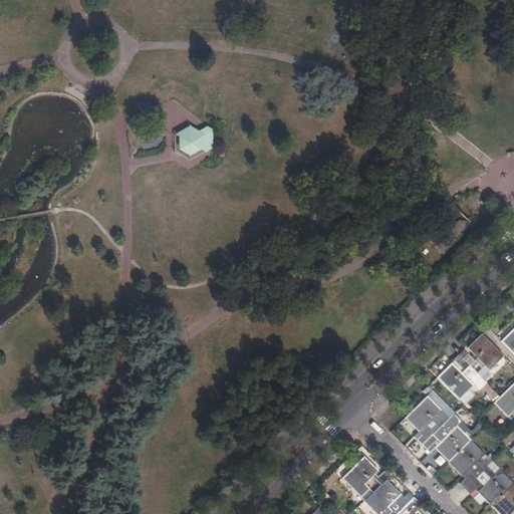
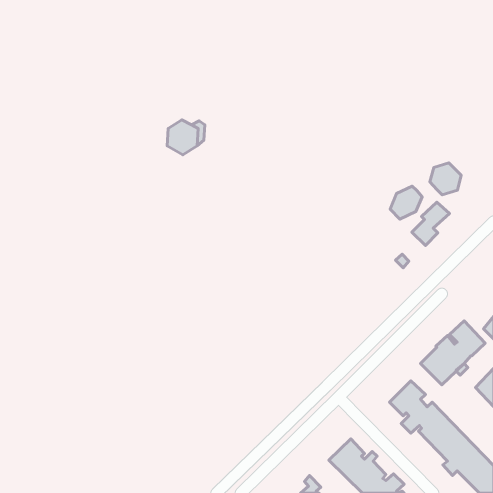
building: none -> [430,163,461,195]
building: none -> [390,186,422,219]

